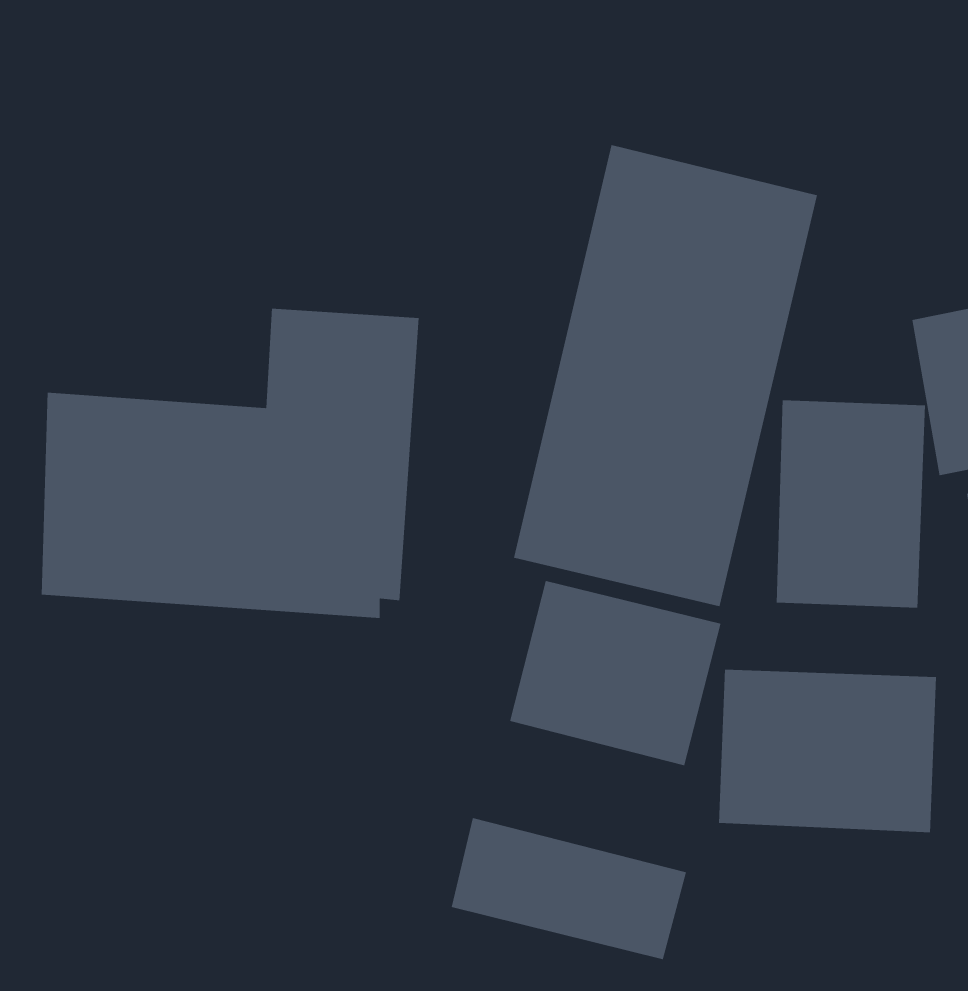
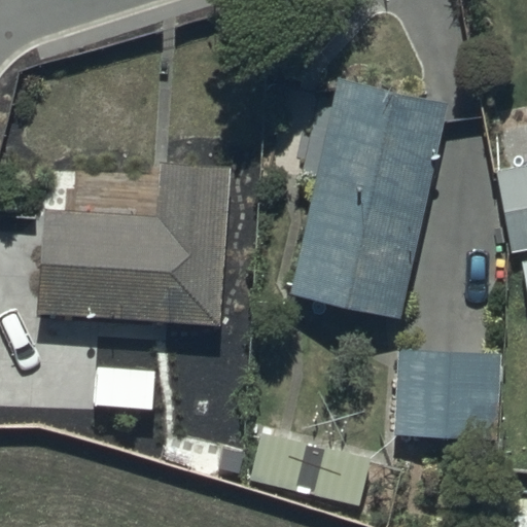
building: [776,399,926,609] -> none
building: [509,580,721,766] -> none

